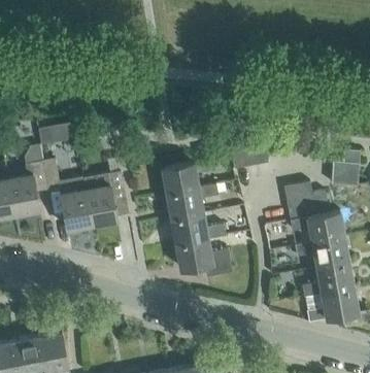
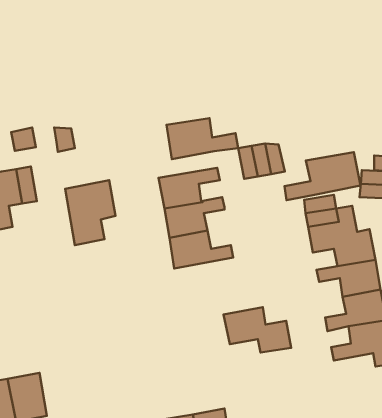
building: none -> [167,118,238,159]
building: none -> [284,152,361,200]
building: [61,177,92,229] -> none
building: [175,238,232,276] -> [224,307,291,353]

